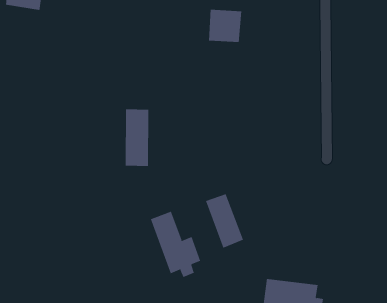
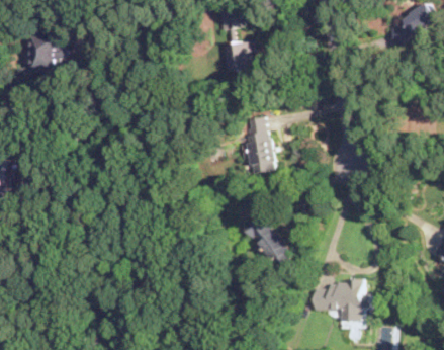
building: [125,109,149,166] -> [244,117,274,173]
building: [150,211,201,278] -> none

